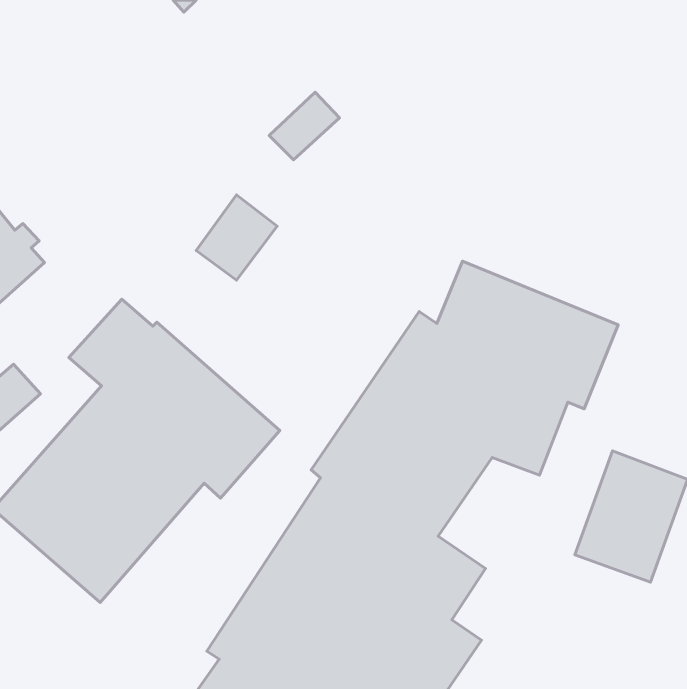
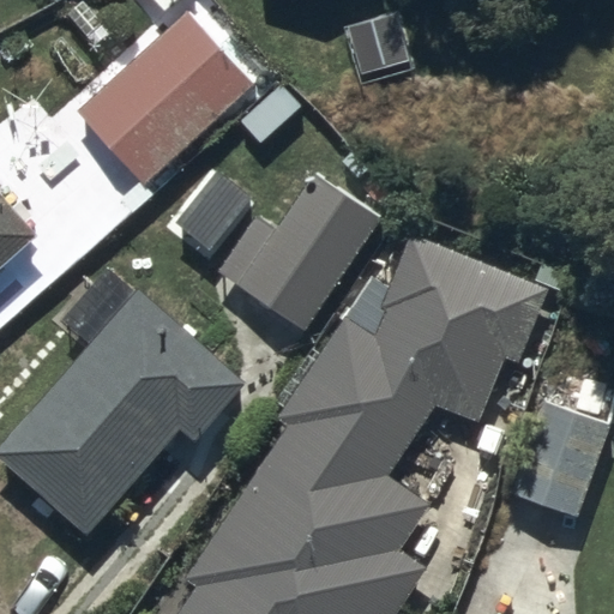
building: none -> [77,11,254,185]
building: none -> [217,174,380,332]

